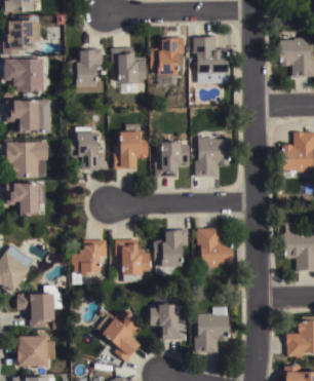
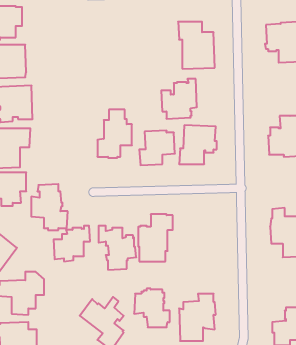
building: [150,38,185,77] -> [161,79,197,119]
building: [111,47,147,86] -> none
building: [68,49,103,93] -> none
building: [69,127,105,173] -> [31,184,68,230]
building: [201,226,234,273] -> none

